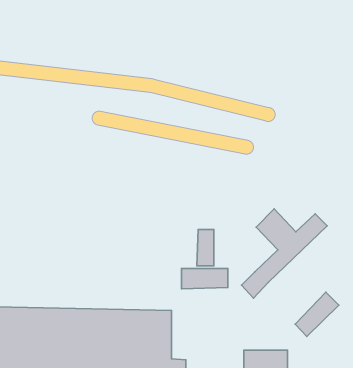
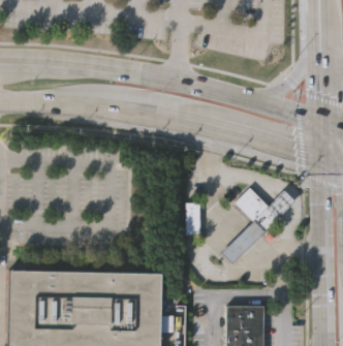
building: [182,268,228,289] -> none
building: [295,292,339,336] -> none

